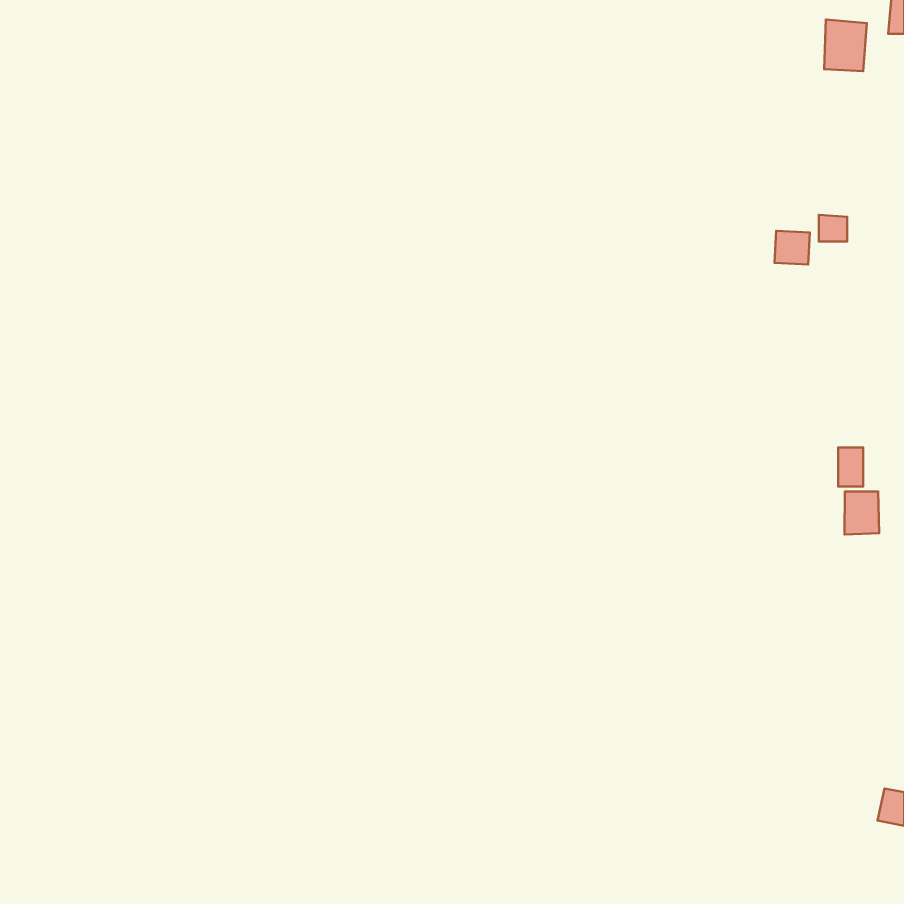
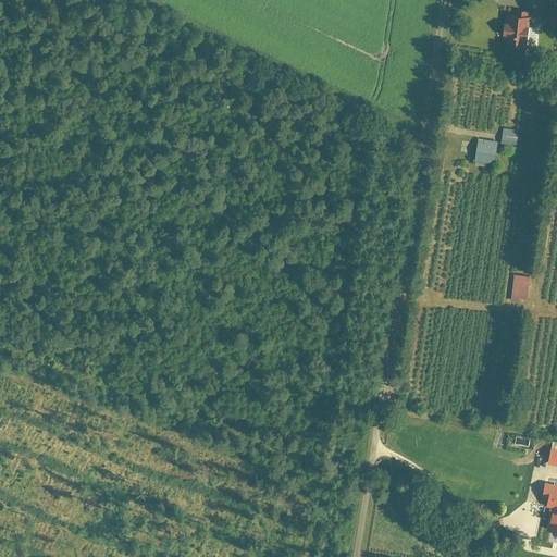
building: [845,491,879,535] -> none

